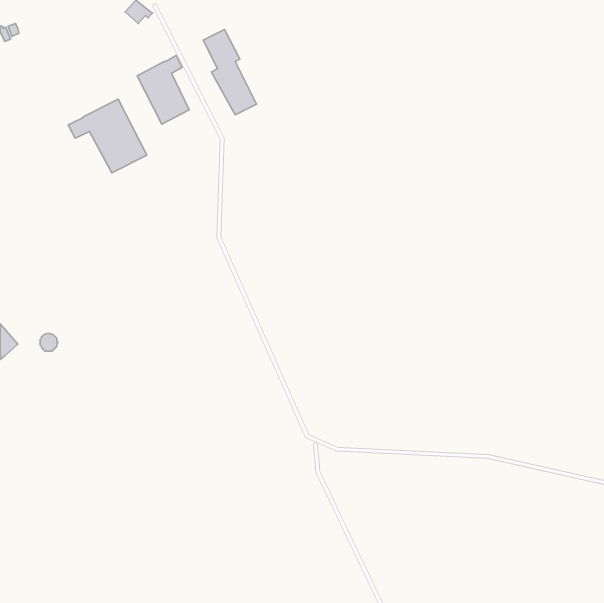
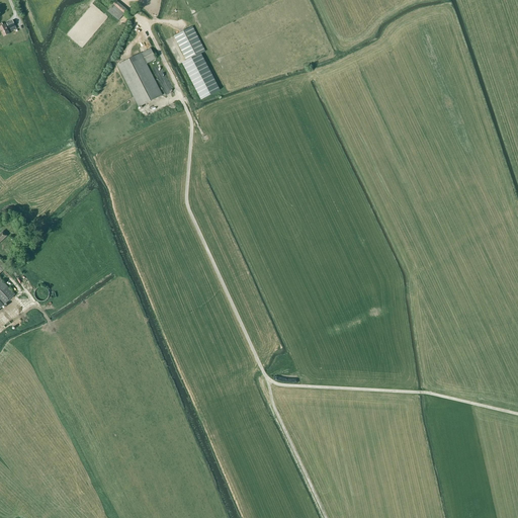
building: [68,99,147,173] -> none

